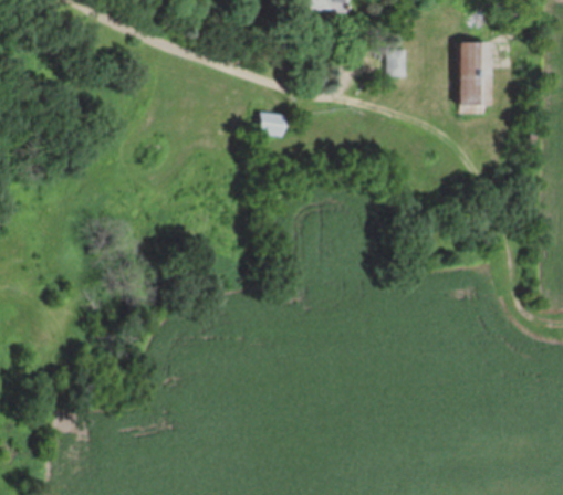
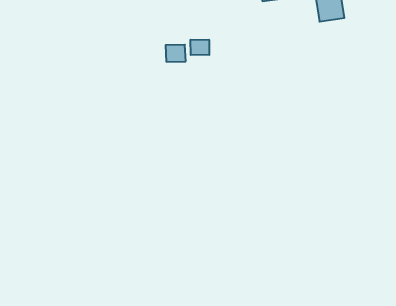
building: none -> [191,40,209,55]

